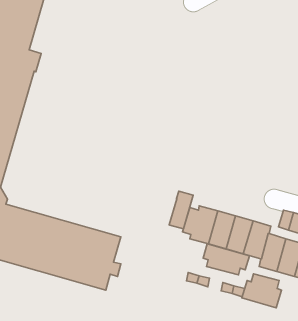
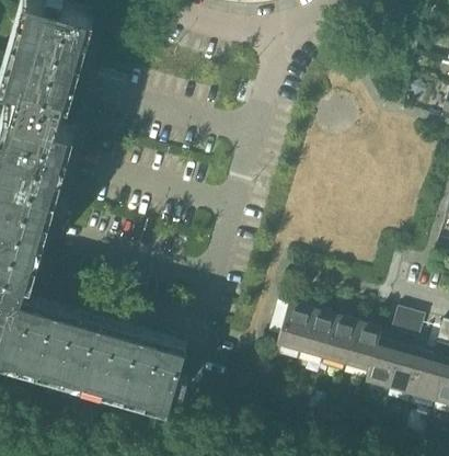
building: [169,191,193,229] -> none
building: [203,244,250,275] -> none
building: [242,274,281,308] -> none

